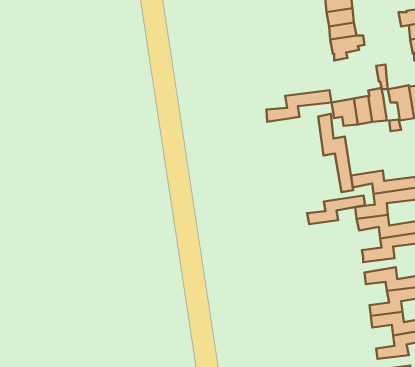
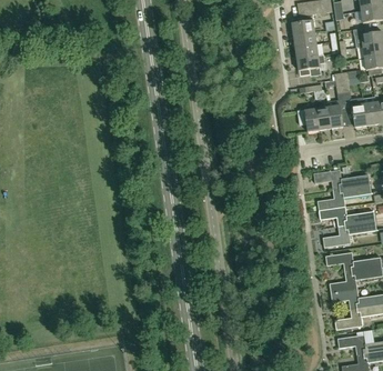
building: [267,90,332,122] -> none
building: [318,114,353,192] -> none
building: [307,196,365,224] -> none

